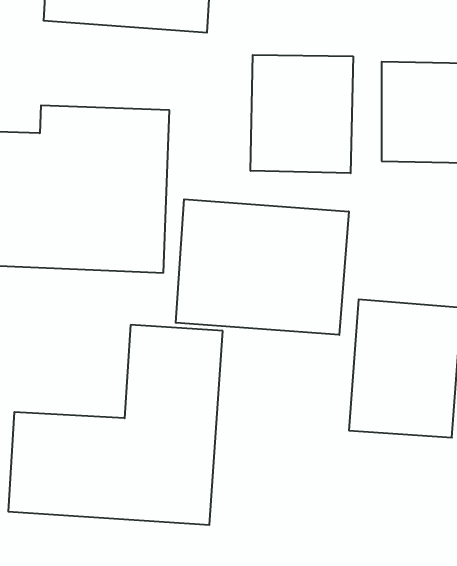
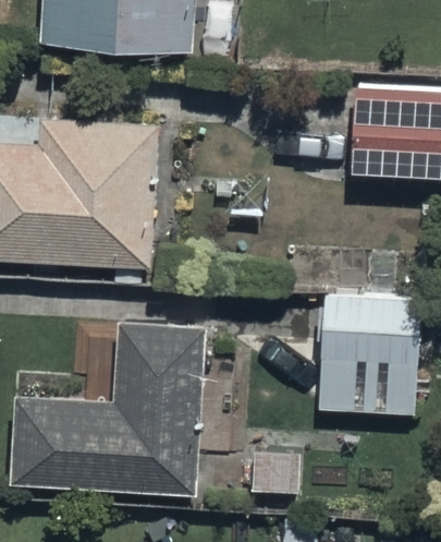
building: [251,55,353,173] -> none
building: [176,199,349,335] -> none

